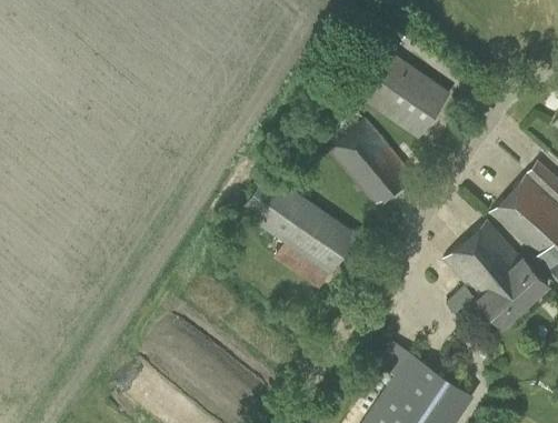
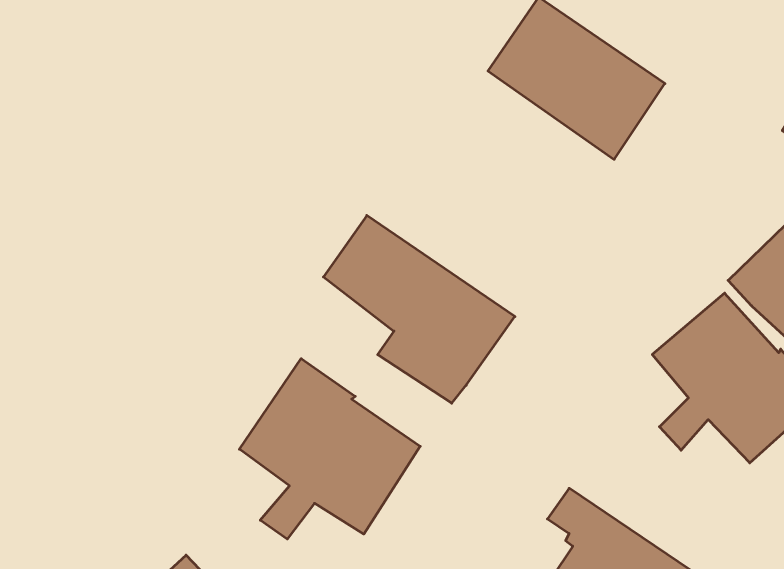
building: [328,120,415,207] -> none
building: none -> [239,359,420,539]

